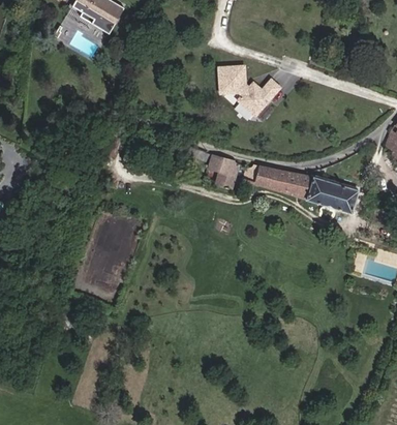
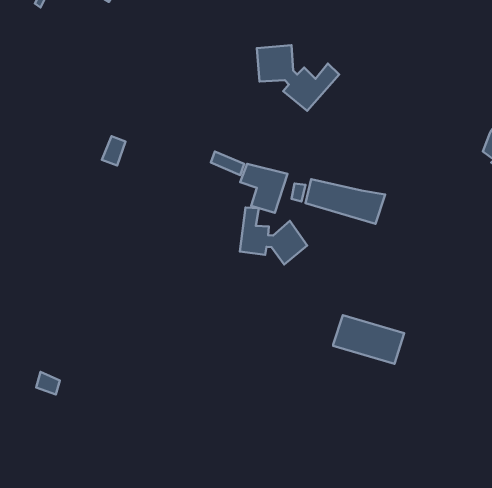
building: [306,177,359,213] -> [333,315,404,364]
building: none -> [240,208,307,265]

